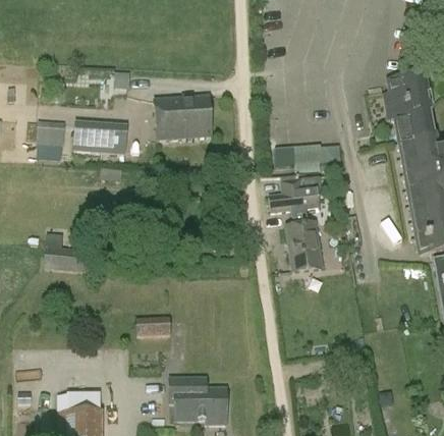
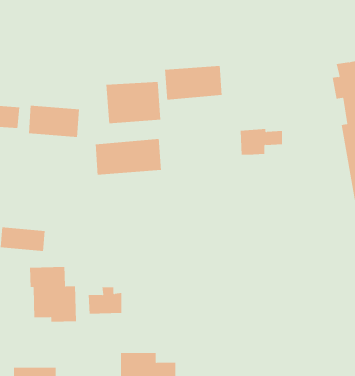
building: none -> [164,65,222,100]
building: none -> [95,138,162,175]
building: [268,174,322,271] -> none
building: none -> [29,266,77,323]

